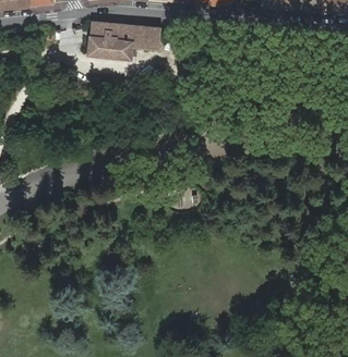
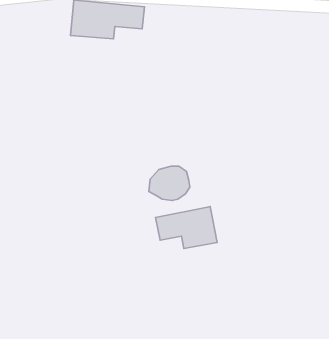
building: none -> [155,207,217,248]

